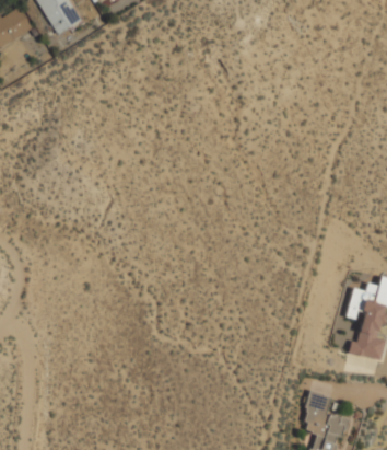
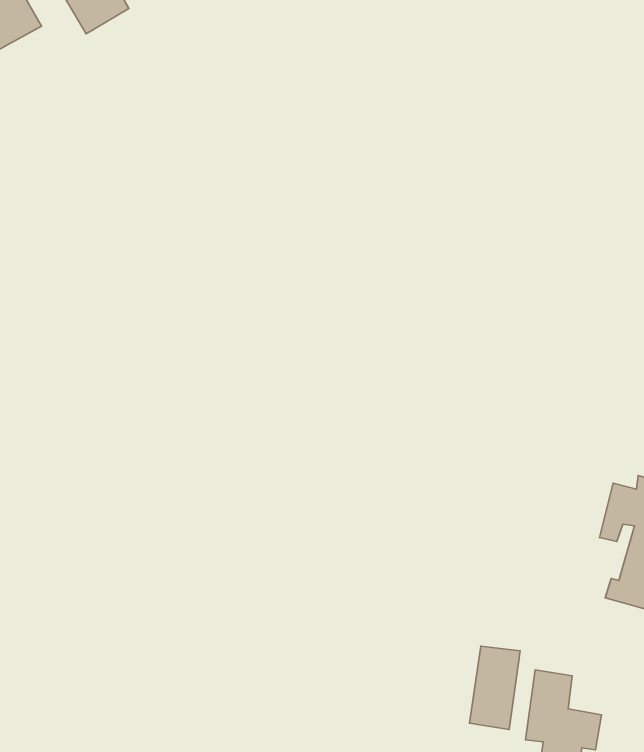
building: none -> [469,646,520,729]

